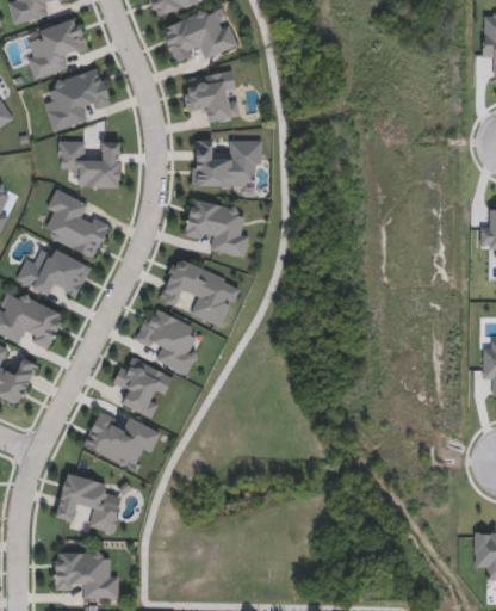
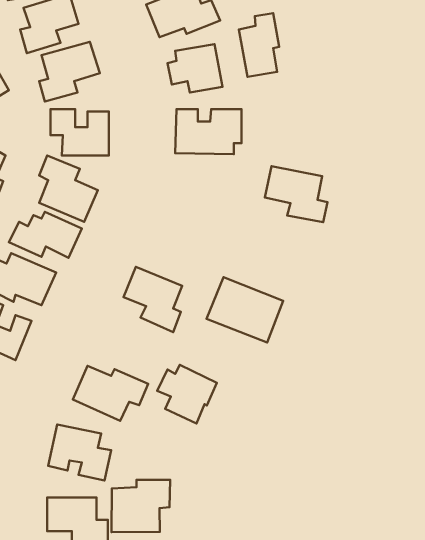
building: none -> [239,13,279,77]
building: [184,198,250,258] -> [265,166,328,222]
building: [156,257,237,326] -> [207,277,283,343]
building: [112,358,175,420] -> [157,365,217,423]
building: none -> [111,480,170,532]

